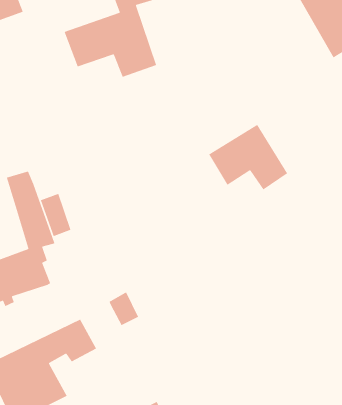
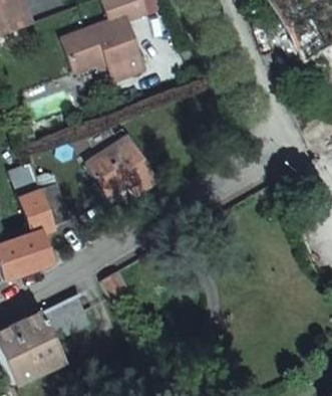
building: [208,124,288,190] -> [90,135,161,194]

